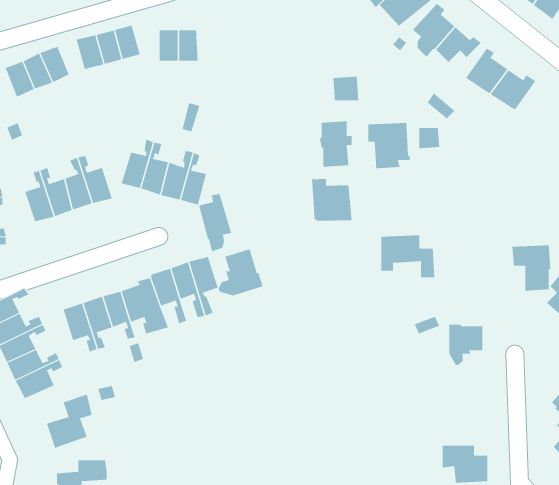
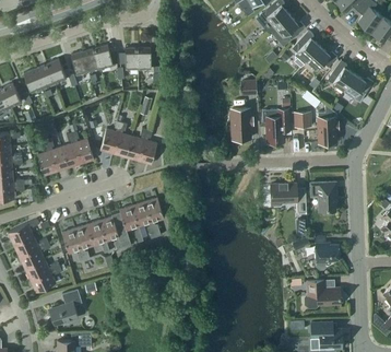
building: none -> [318,104,336,142]
building: [312,178,352,222] -> none
building: [198,193,232,252] -> none
building: [511,245,551,291] -> [310,181,336,212]
building: [218,248,263,296] -> none
building: none -> [304,280,341,308]

